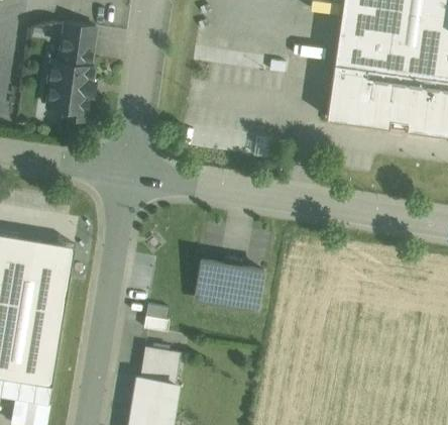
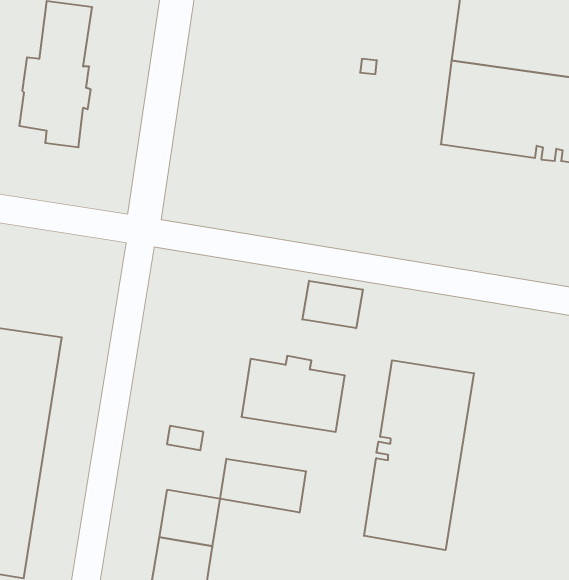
building: none -> [302,281,363,328]
building: none -> [364,360,474,550]
building: none -> [220,459,306,513]

